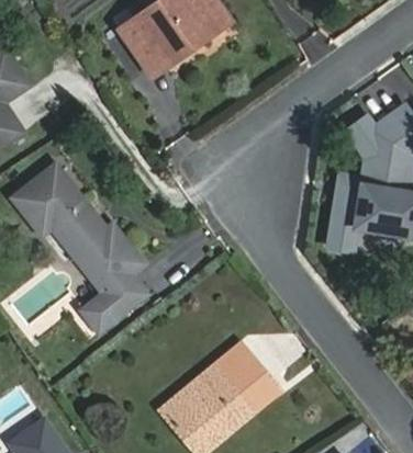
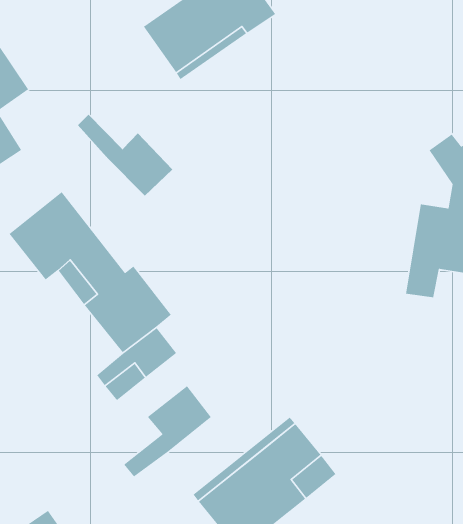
building: none -> [77,114,173,196]
building: none -> [123,385,212,477]

